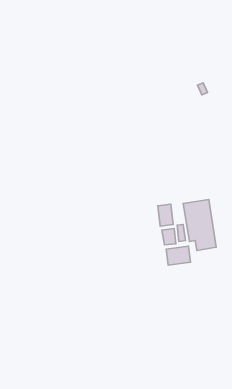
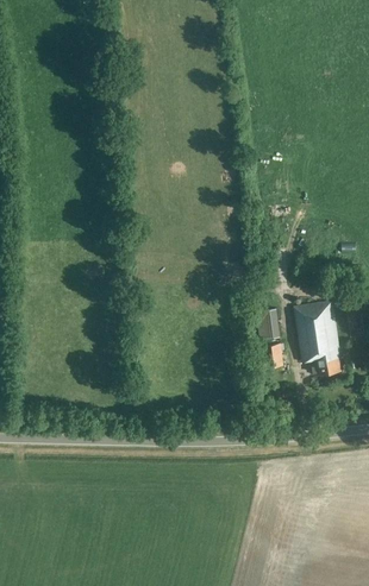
building: [166,246,190,265] -> none

